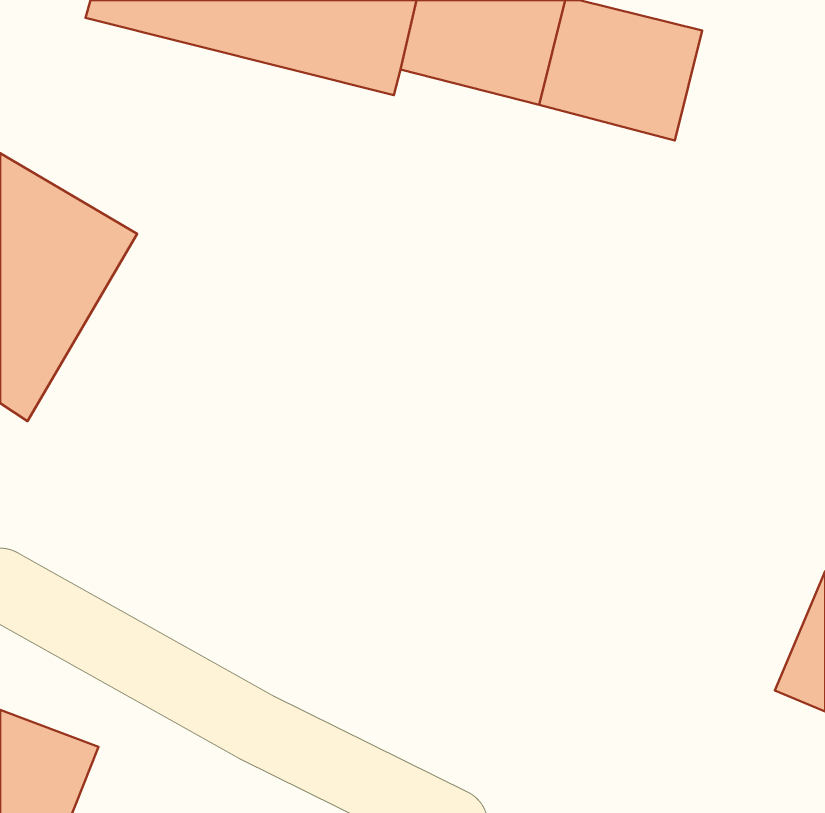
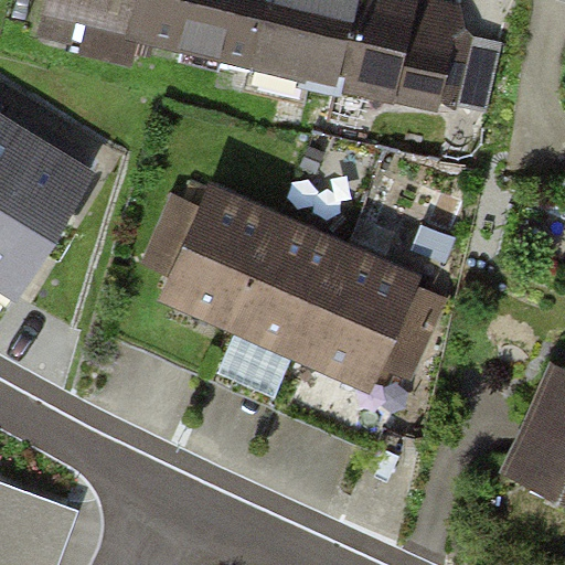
building: none -> [168,190,433,382]

